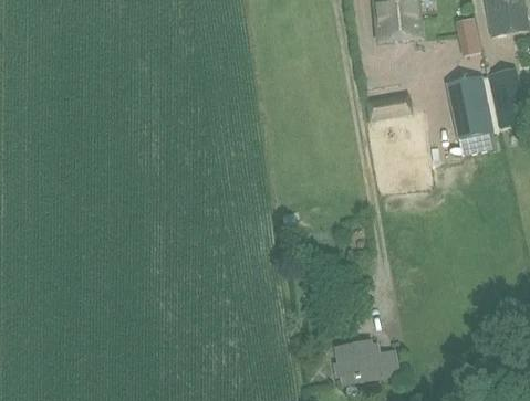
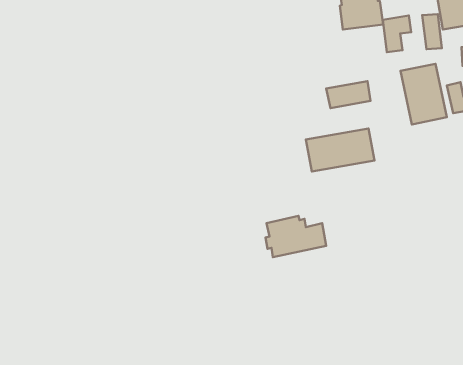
building: none -> [383,16,411,52]
building: none -> [306,129,374,172]
building: [333,339,398,383] -> [265,216,326,257]

